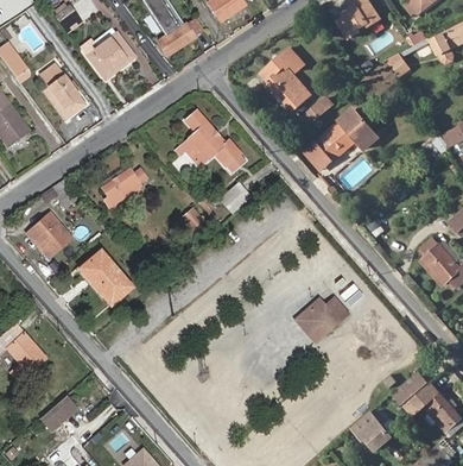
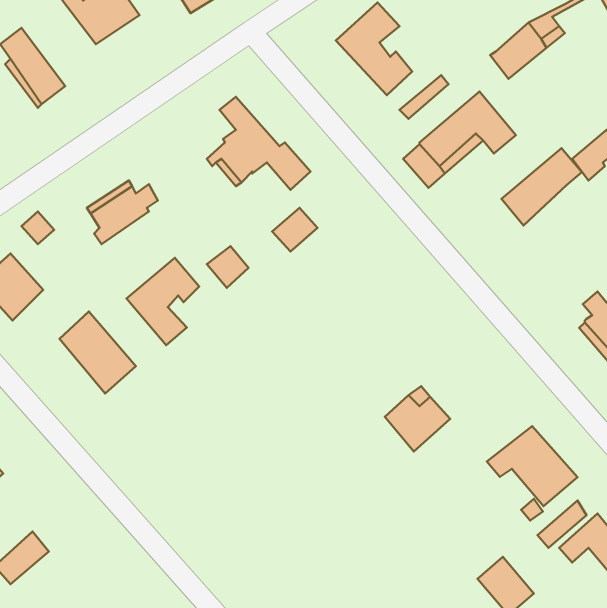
building: none -> [502,148,582,225]
building: none -> [126,258,199,345]
building: none -> [487,426,577,506]

